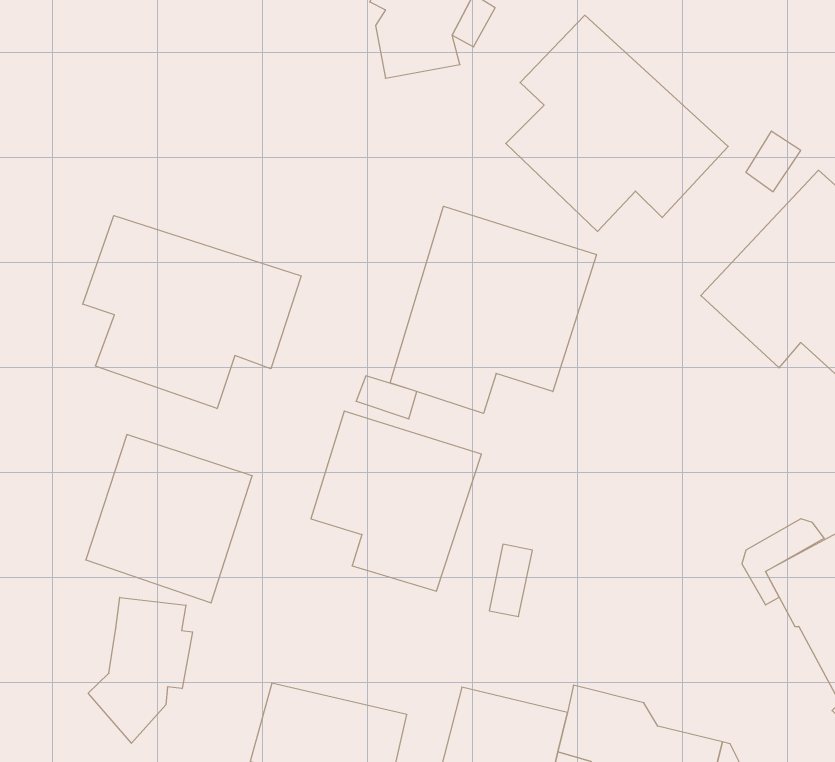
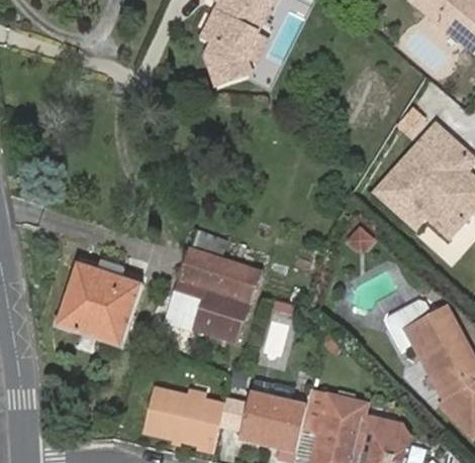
building: [506,15,728,231] -> none
building: [390,206,596,413] -> none
building: [83,216,301,409] -> none
building: [88,597,193,743] -> none

